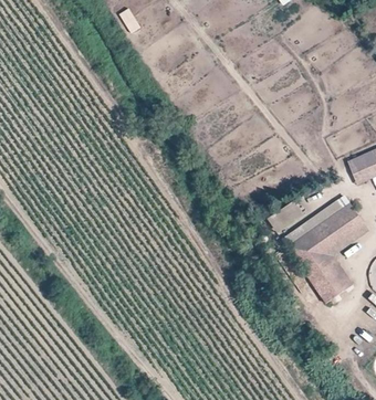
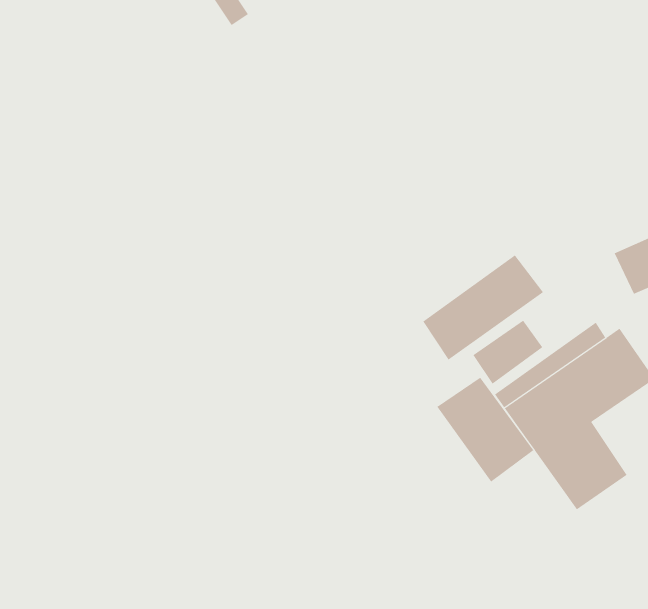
building: none -> [423,254,544,360]
building: none -> [437,377,534,483]

